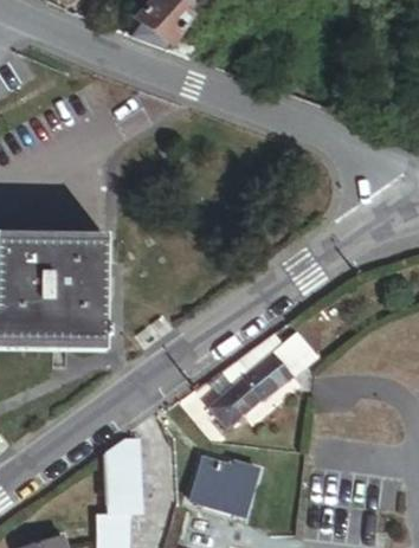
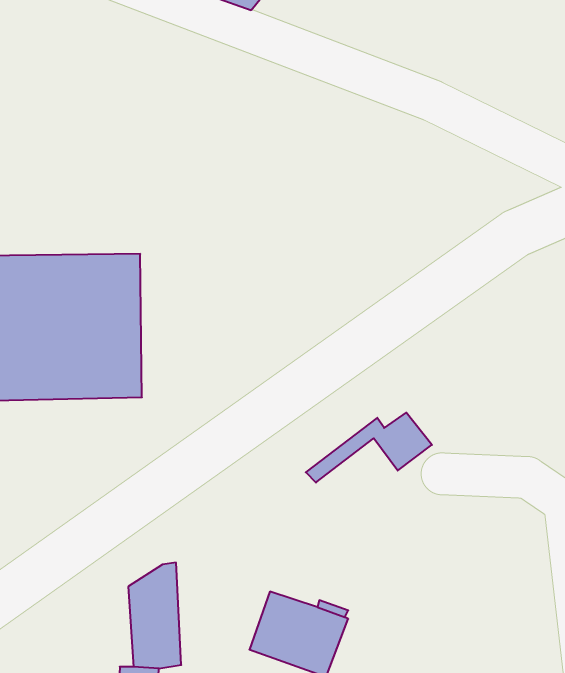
building: [206,357,289,431] -> none

